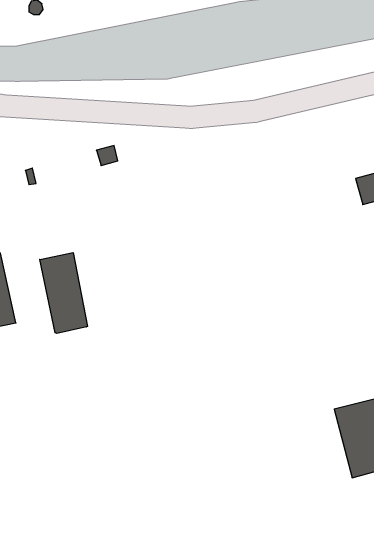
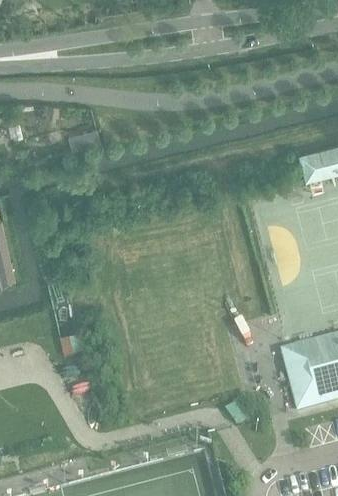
building: [40,253,87,333] -> none

